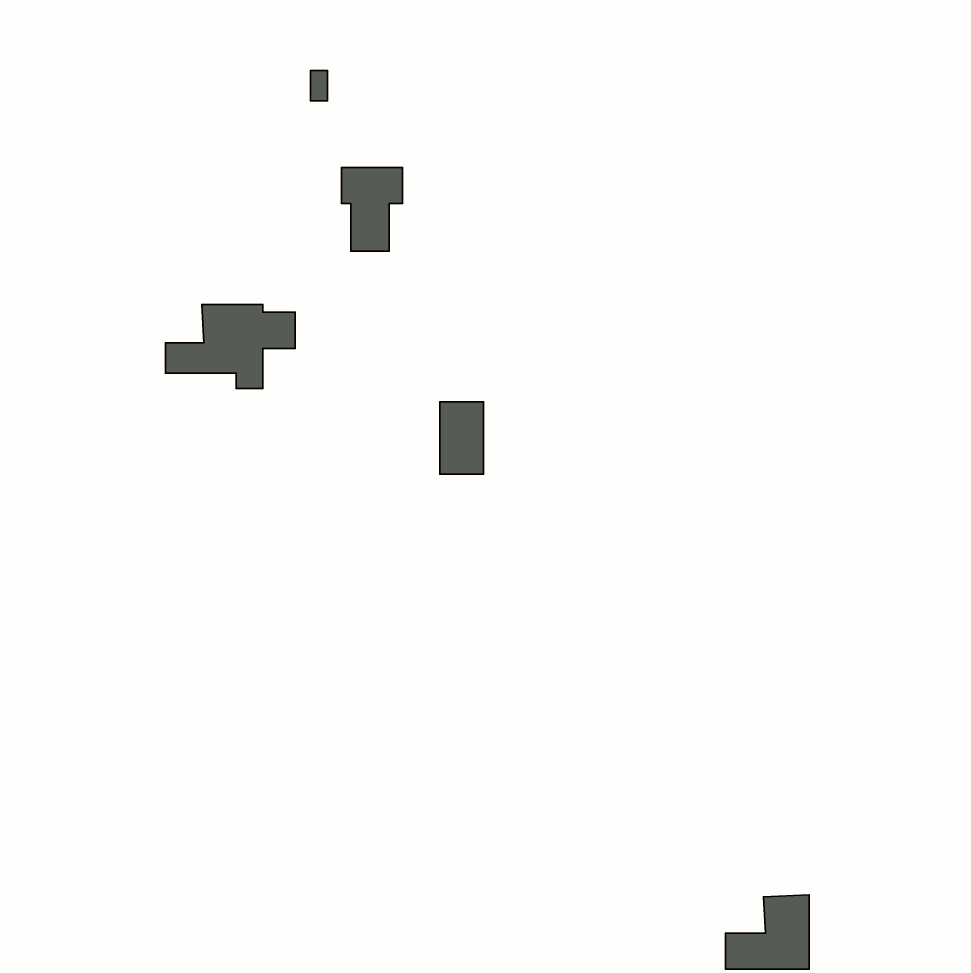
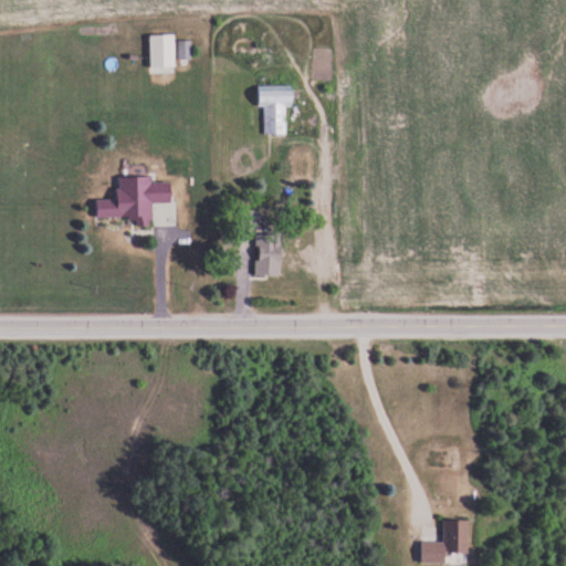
building: none -> [150,34,175,73]
building: [341,167,402,251] -> [258,86,293,135]

